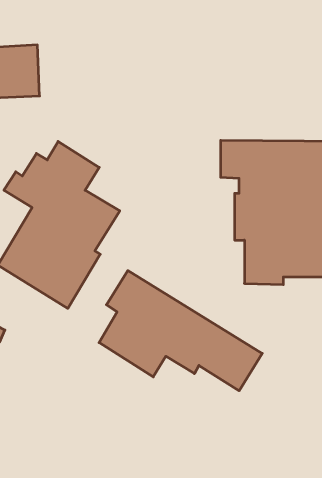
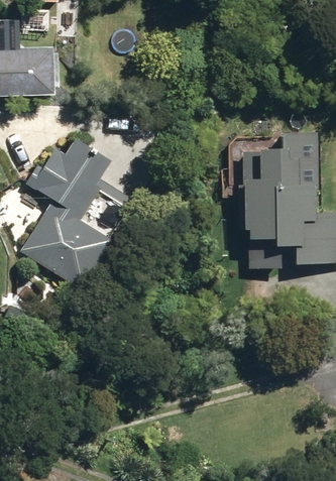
building: [99,271,262,391] -> none

